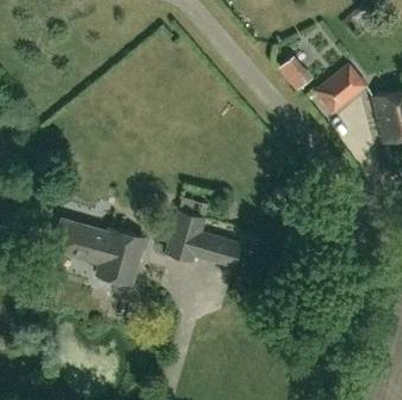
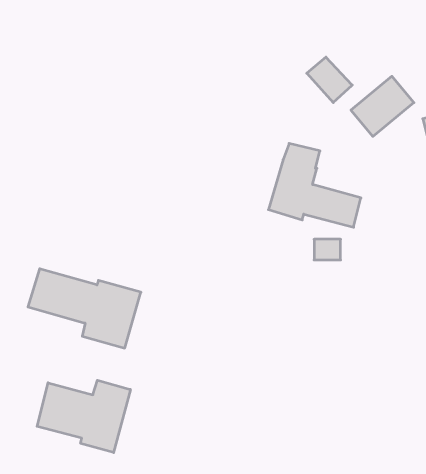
building: [165,201,240,269] -> [268,143,361,227]
building: none -> [37,380,130,453]

